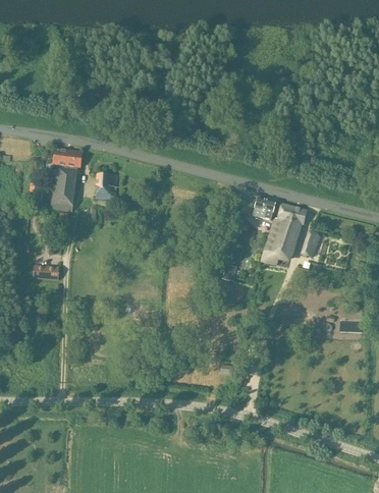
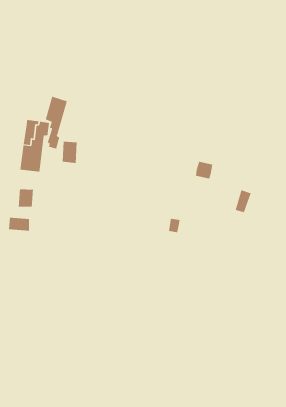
building: none -> [45,96,68,149]
building: [263,203,307,263] -> none
building: none -> [18,188,34,207]

